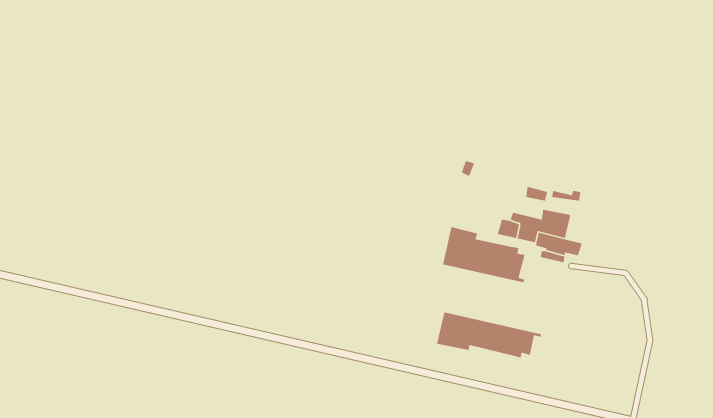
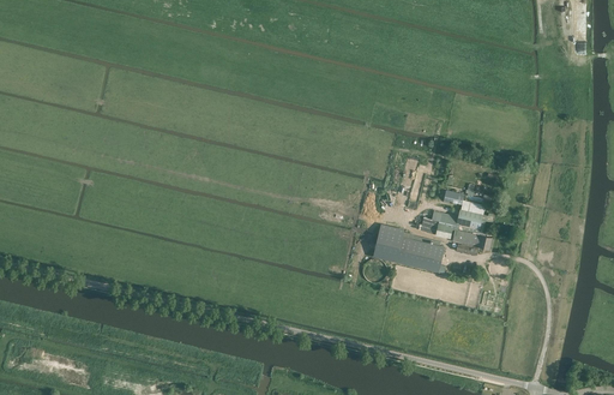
building: [436,311,542,359] -> none

